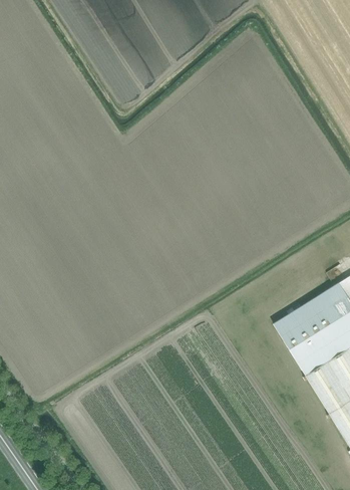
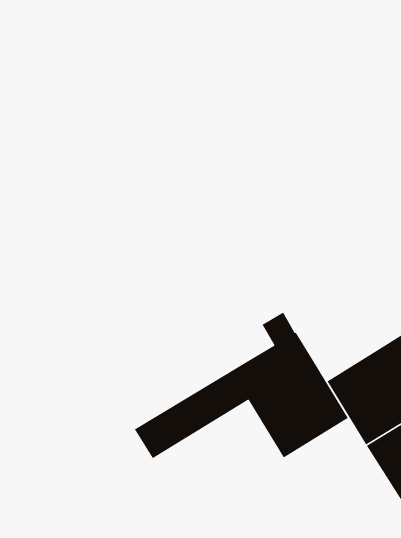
building: none -> [134,312,349,459]

